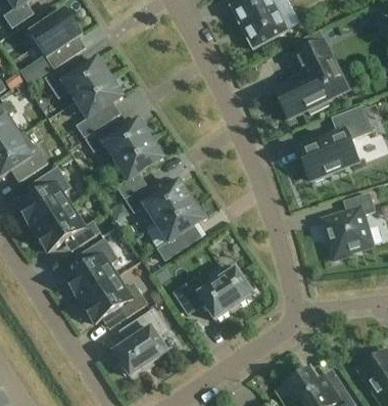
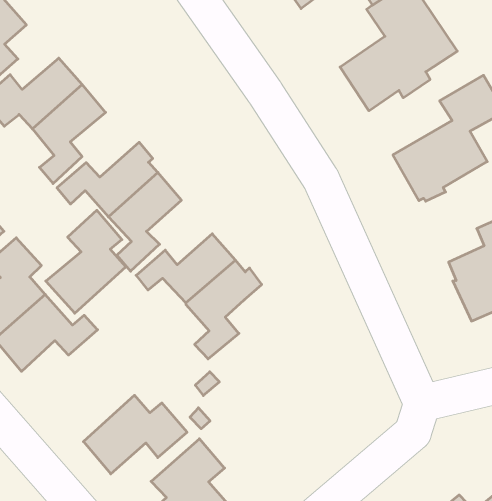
building: [65,237,116,300] -> [46,210,126,313]
building: [174,268,254,319] -> none

